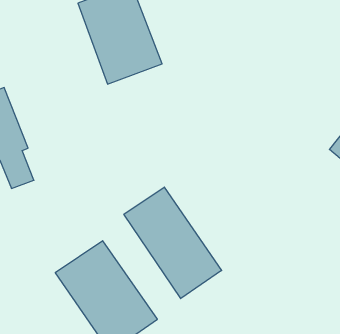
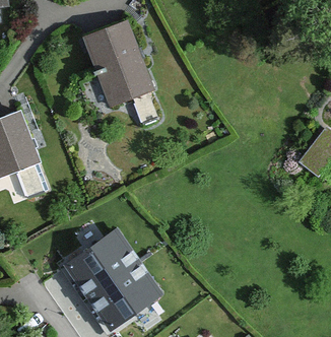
building: [124,187,222,299] -> none

